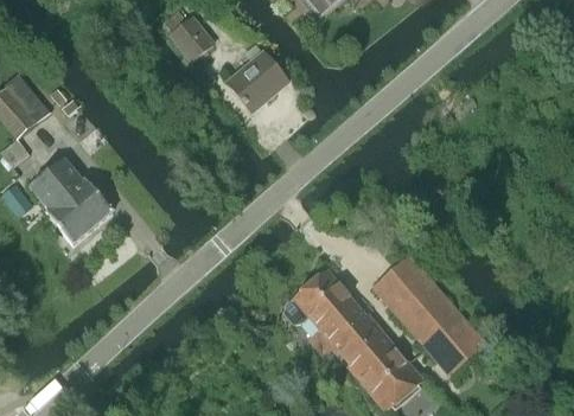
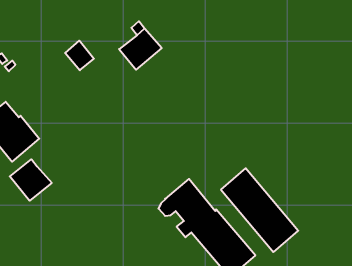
building: [171,17,212,59] -> [65,41,94,70]
building: none -> [10,159,52,201]

